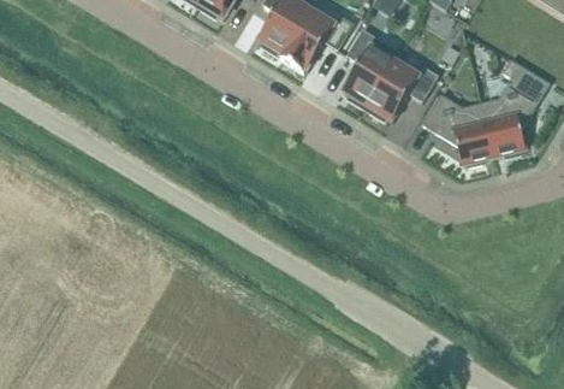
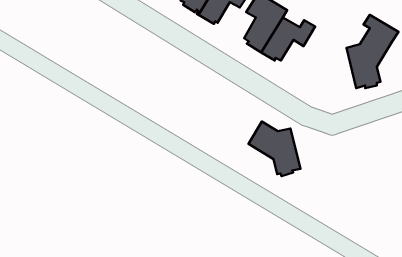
building: [422,93,492,166] -> [248,121,300,176]

